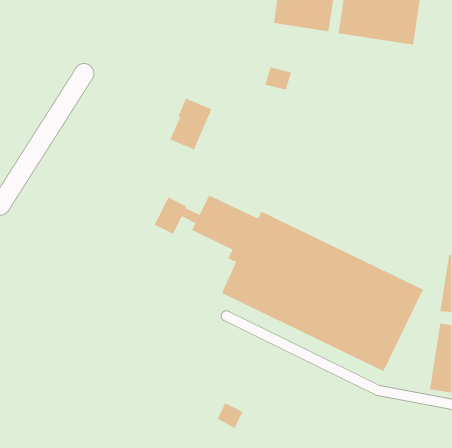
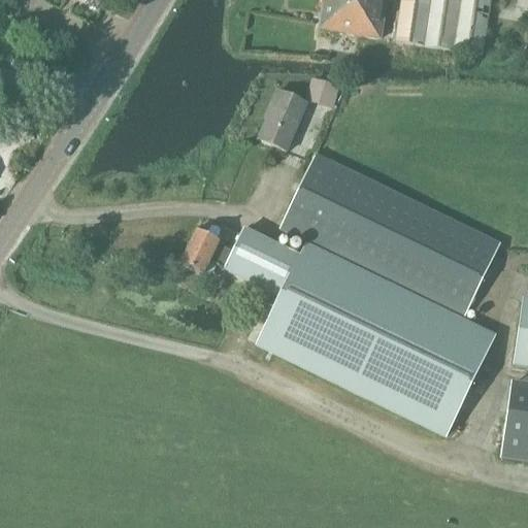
building: [170,98,212,150] -> [257,89,306,150]
building: none -> [278,152,499,317]
building: [217,403,243,429] -> none

